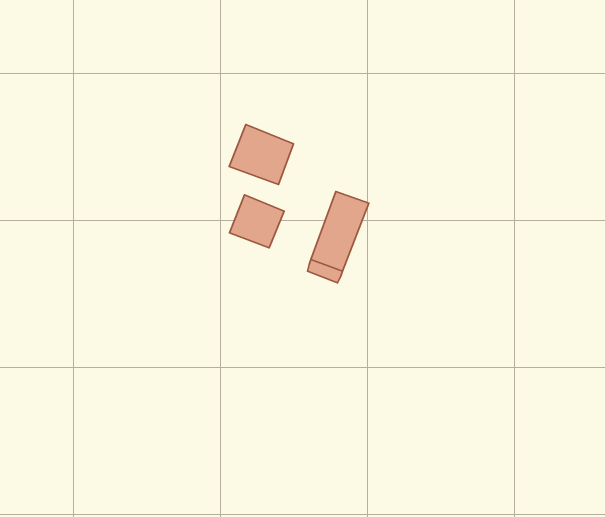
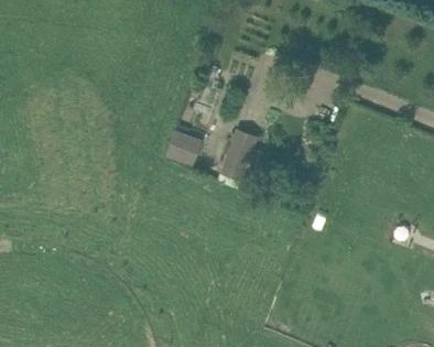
building: [229,125,294,185] -> none

